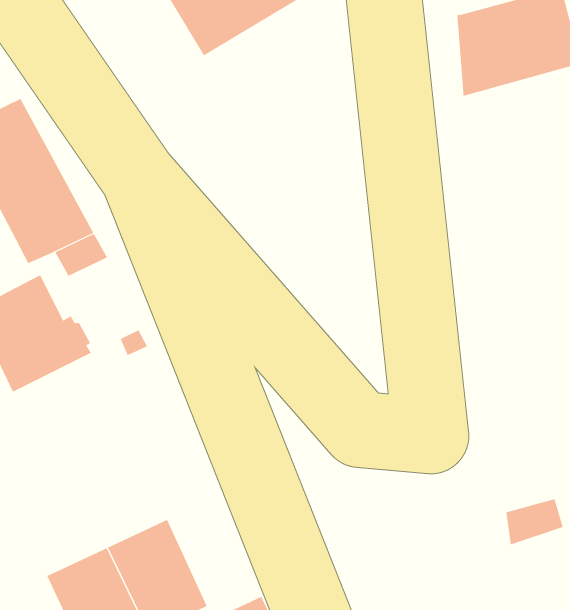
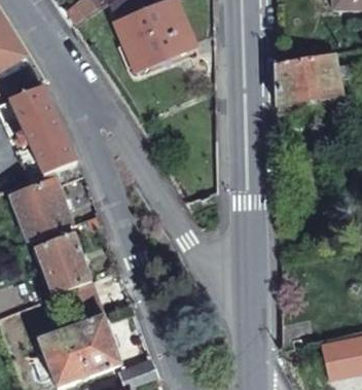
building: none -> [34,232,89,294]

